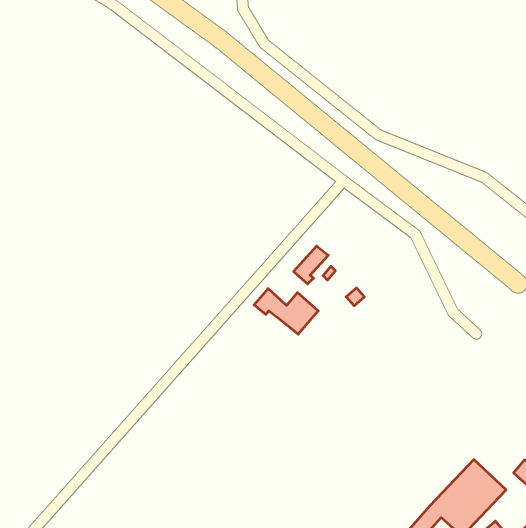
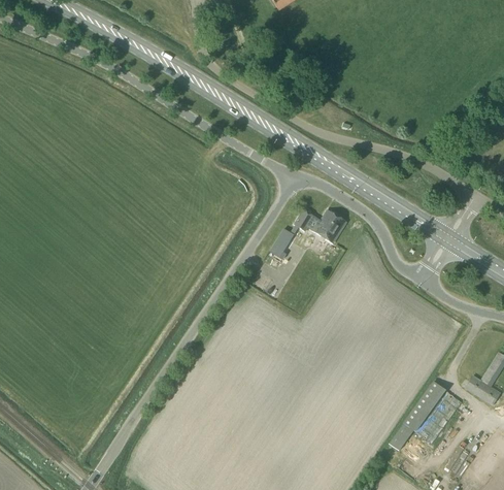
building: [254,289,318,334] -> [294,209,345,242]

